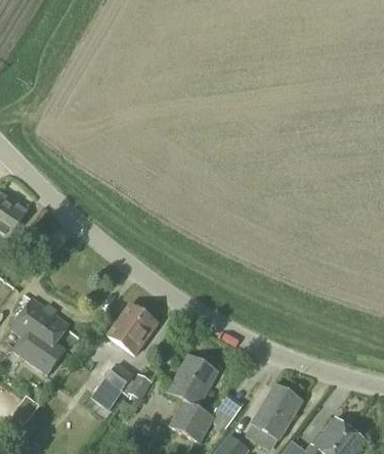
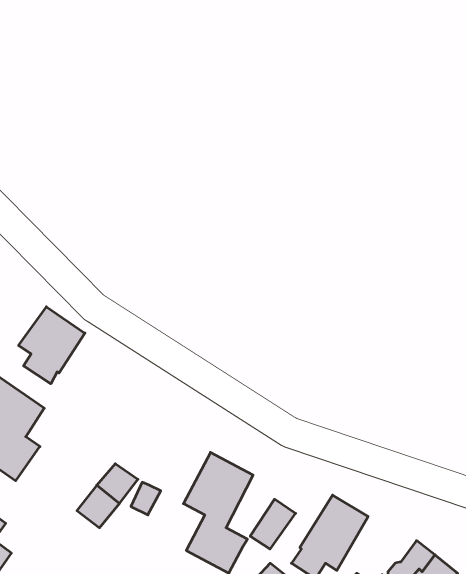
building: none -> [19,307,85,384]
building: [108,303,158,354] -> none

